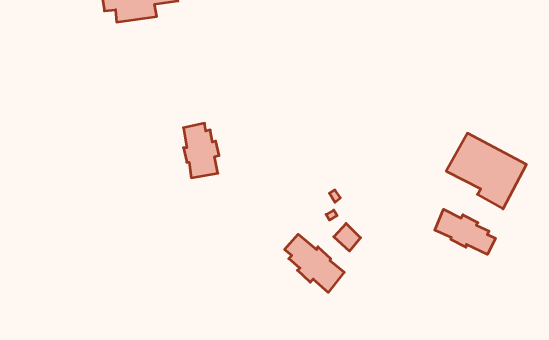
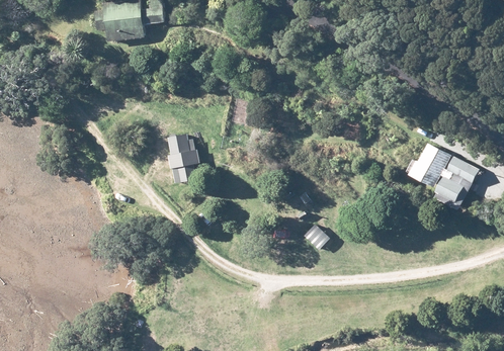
building: [435,209,495,254] -> none
building: [285,234,344,292] -> none

